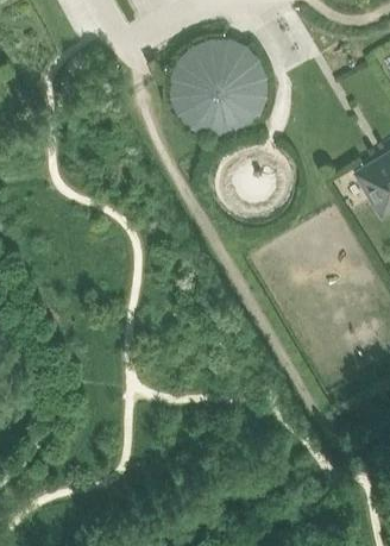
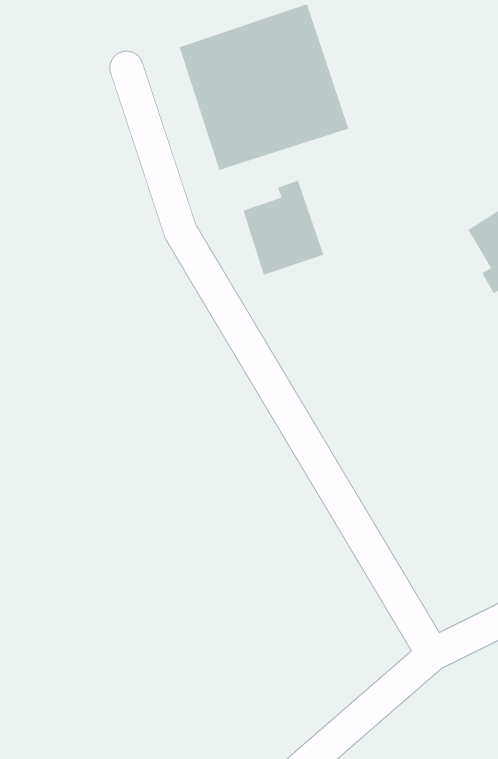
building: none -> [243,180,324,275]

